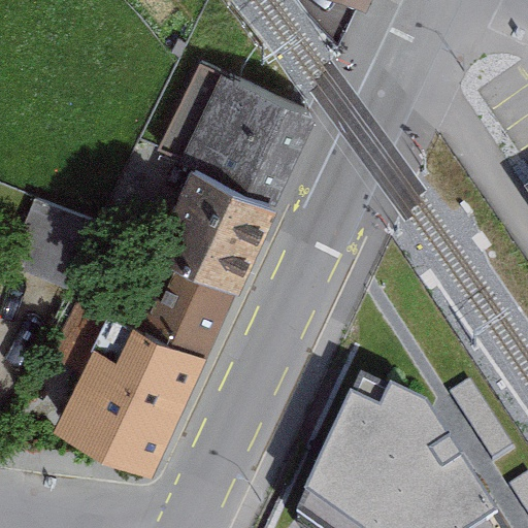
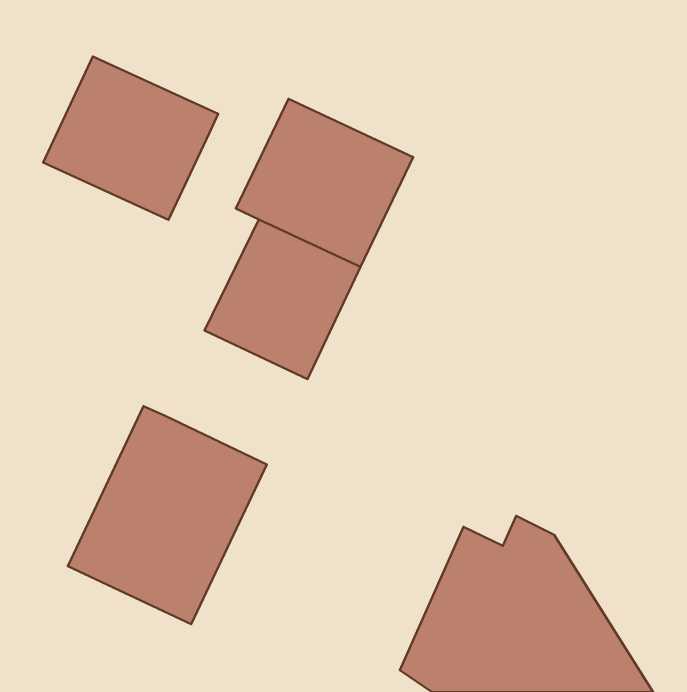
building: none -> [43,56,218,220]
building: [130,252,238,354] -> none

